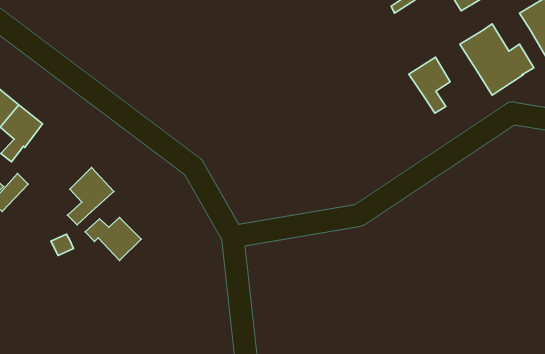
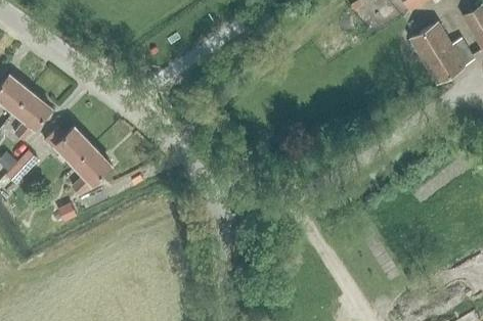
building: [409,57,450,113] -> none
building: [85,218,141,260] -> [44,128,92,165]

